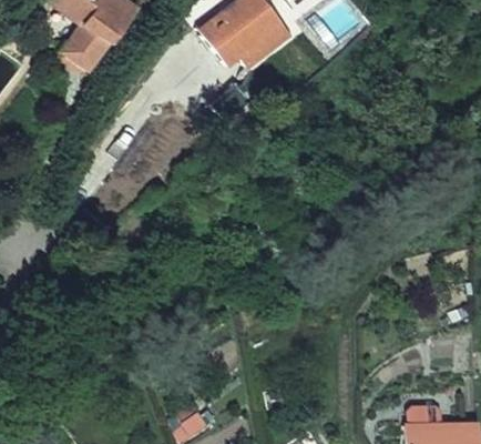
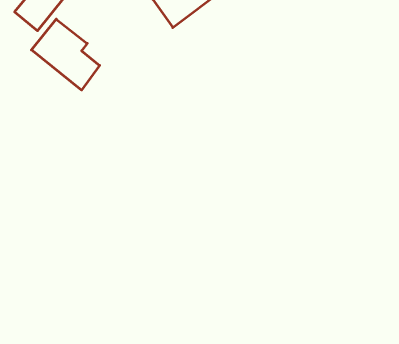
building: none -> [31,19,100,90]

